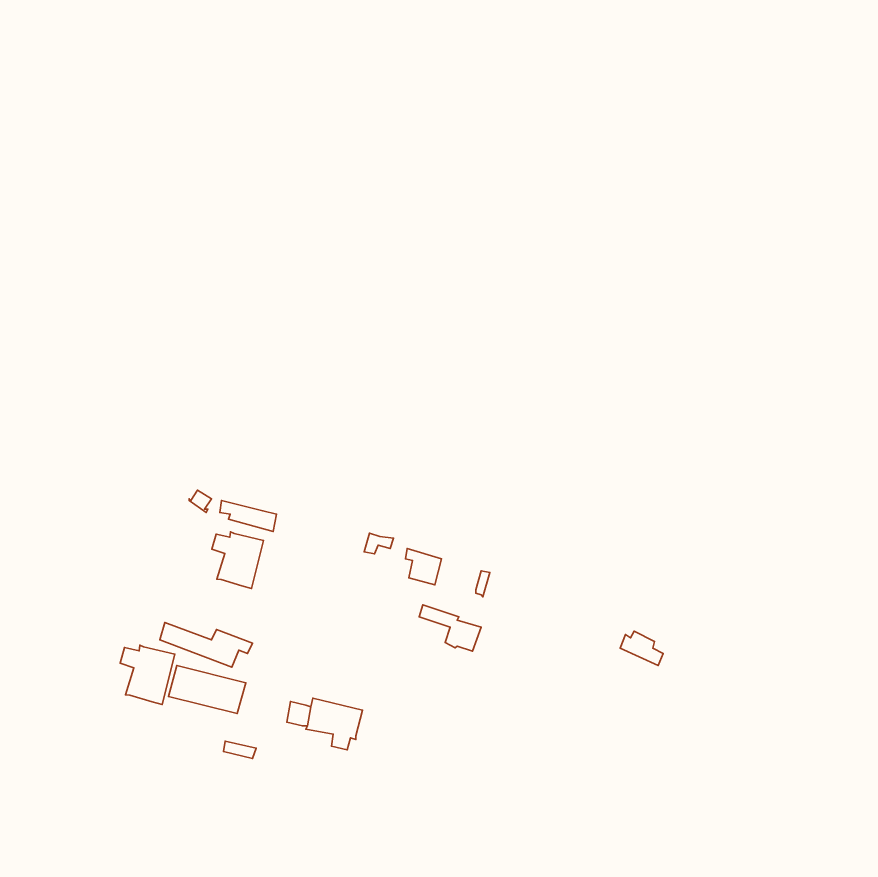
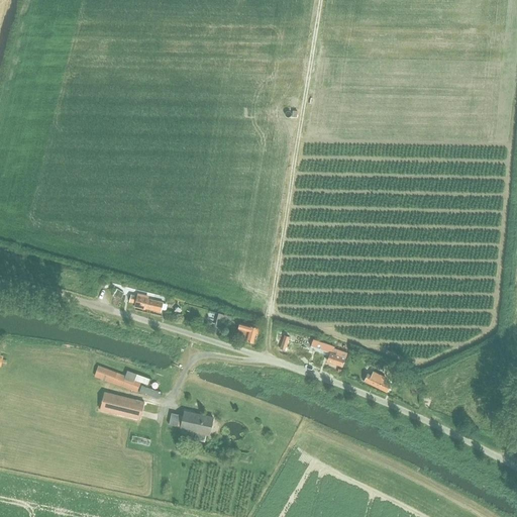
building: [212,532,264,588] -> none
building: [419,605,481,651] -> [311,338,347,366]
building: [120,645,175,705] -> none

